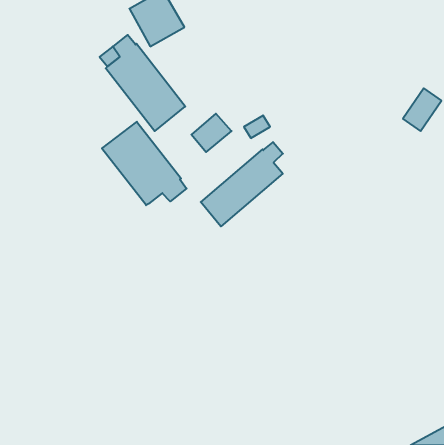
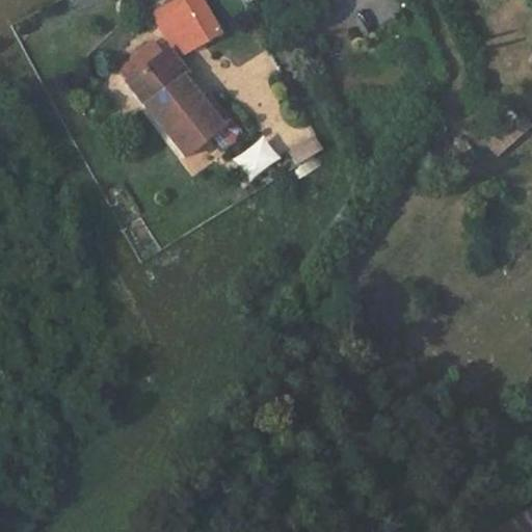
building: [102,122,187,205] -> none
building: [201,142,283,226] -> none

